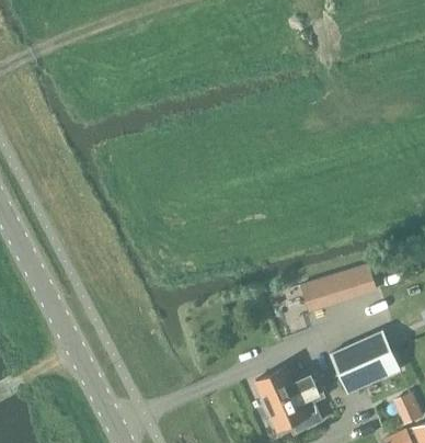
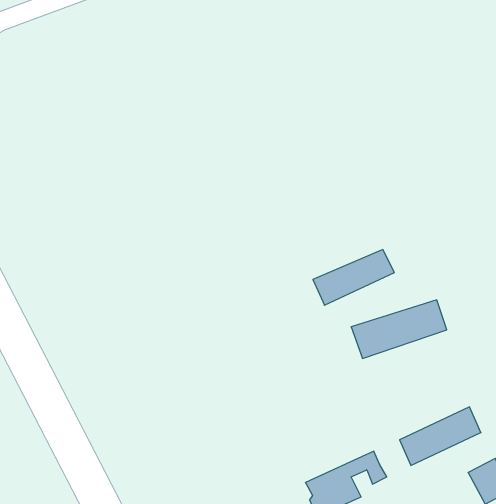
building: [329,332,391,375] -> [313,250,394,305]
building: [253,368,318,408] -> none

